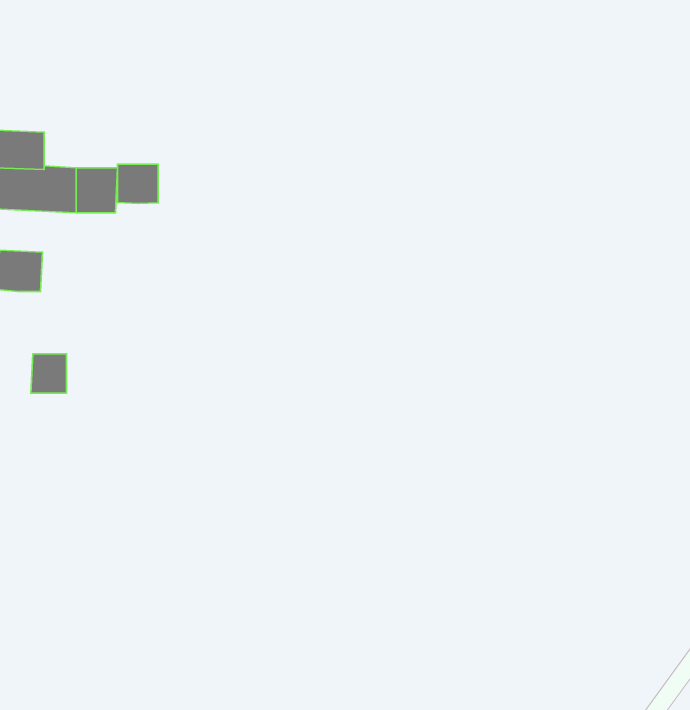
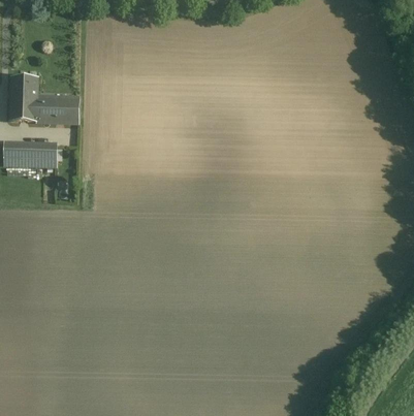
building: [117,164,158,204] -> none
building: [31,354,67,393] -> [35,145,55,166]

